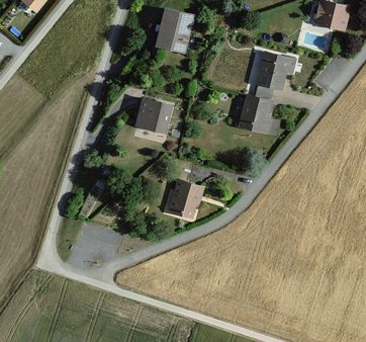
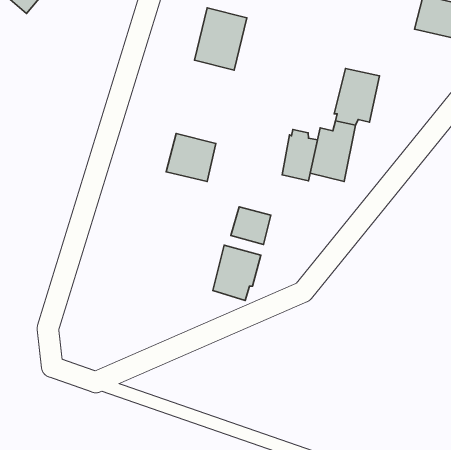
building: none -> [282,130,317,181]
building: none -> [231,207,271,244]

